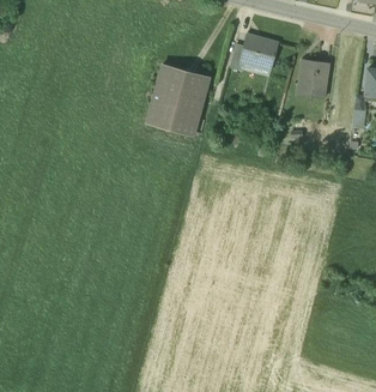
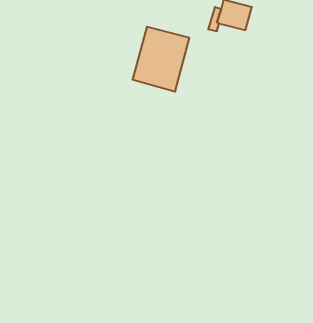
building: [297,58,328,97] -> none

